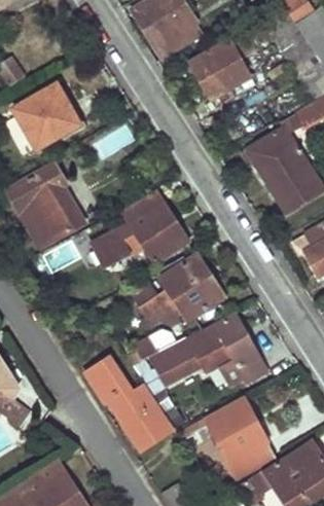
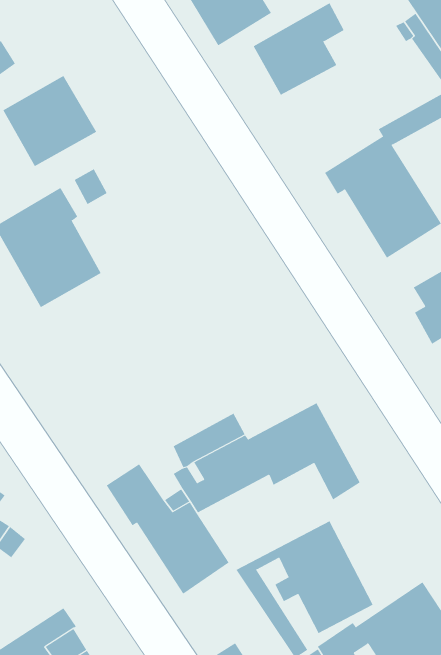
building: [92,191,188,266] -> none
building: [133,254,224,322] -> none

